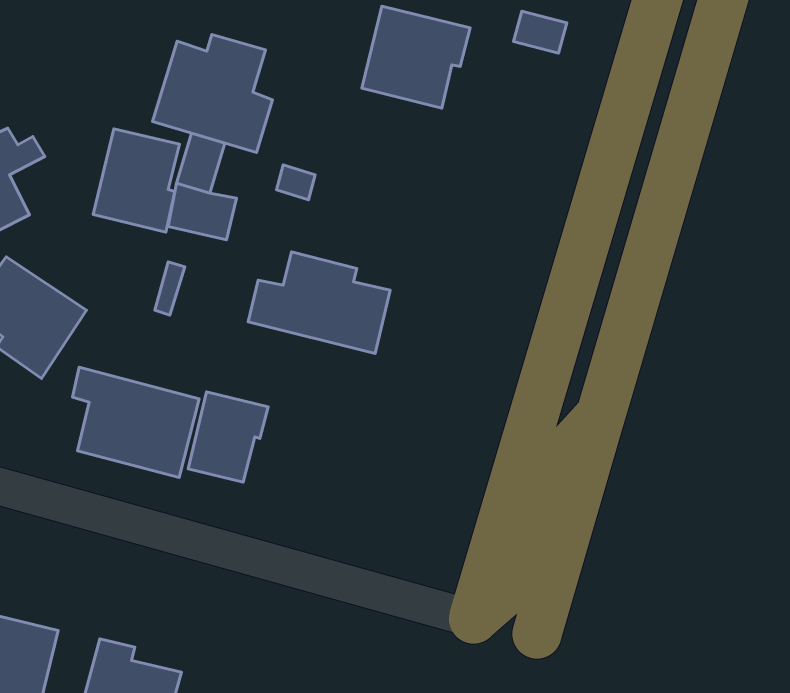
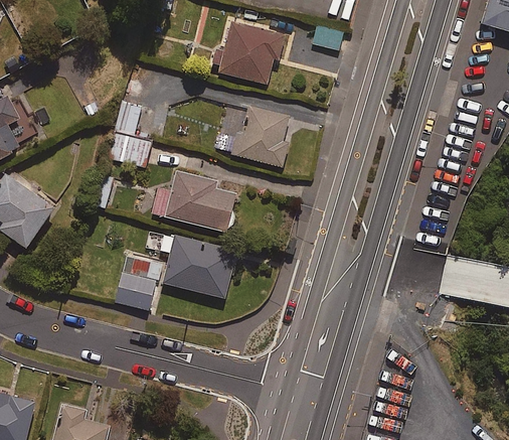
building: [152,34,273,153] -> none
building: [93,129,180,232] -> none
building: none -> [216,108,290,167]
building: [72,367,199,477] -> [161,233,237,299]

